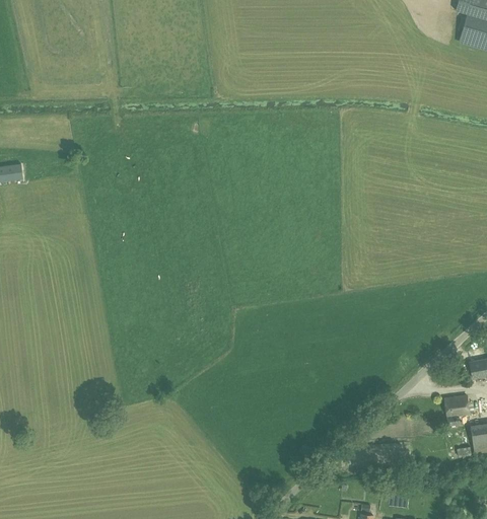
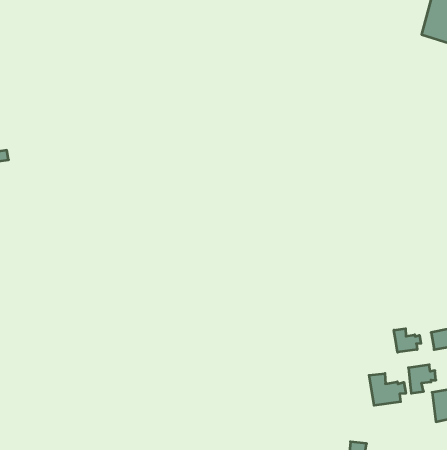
building: none -> [394,329,421,352]
building: none -> [369,373,406,405]

